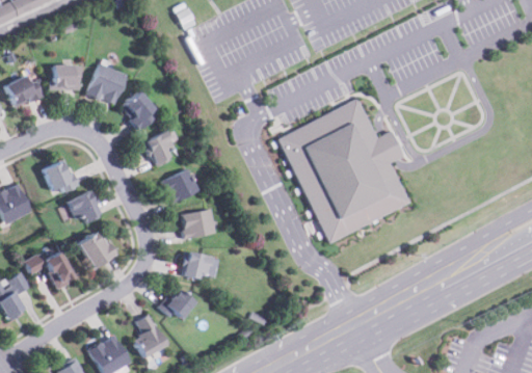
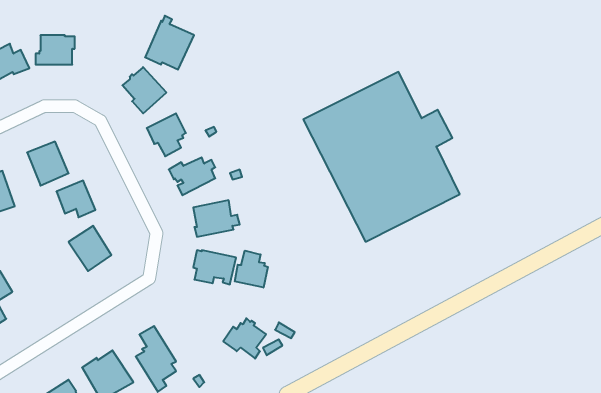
building: [87,61,129,107] -> [145,16,194,70]
building: [24,245,74,288] -> none
building: none -> [235,251,268,288]
building: [160,288,196,322] -> [223,318,266,359]

